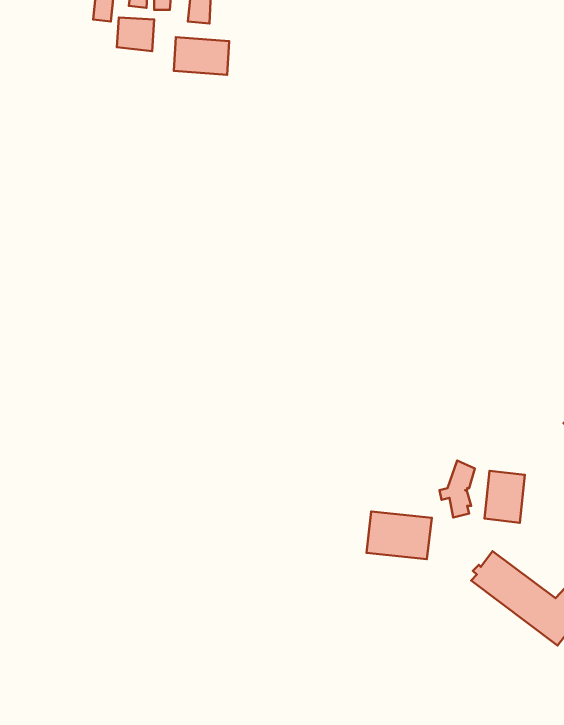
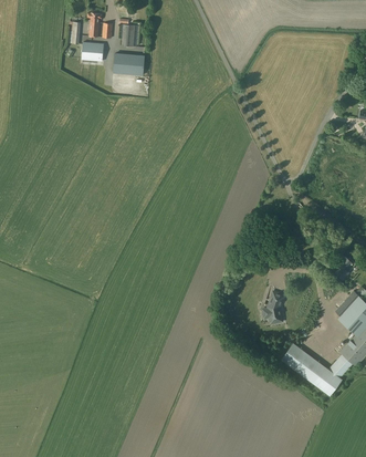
building: [484,471,525,523] -> none
building: [366,512,432,559] -> none

